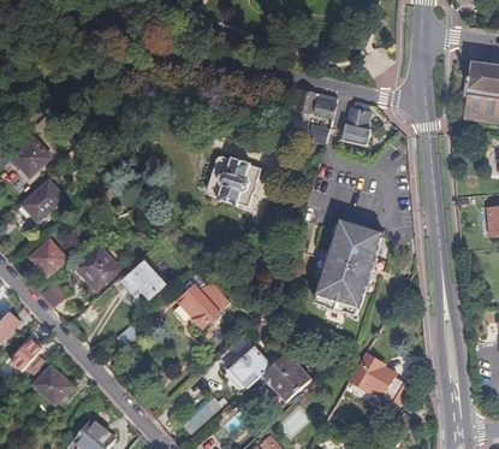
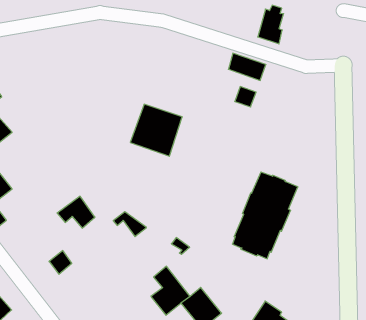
building: [341,104,368,146] -> [258,5,284,44]
building: [73,242,119,288] -> none
building: [177,283,226,325] -> none

